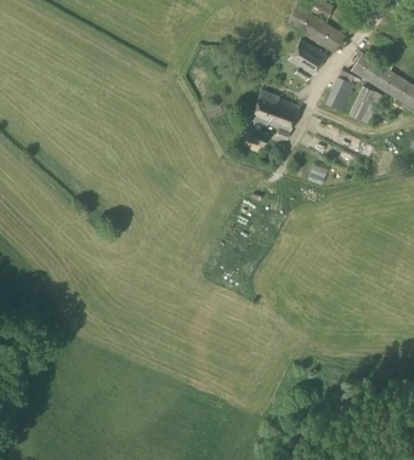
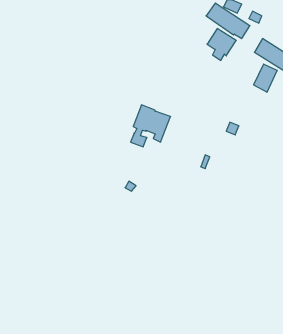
building: [325,69,355,110] -> none
building: [246,90,300,146] -> [131,105,171,147]

